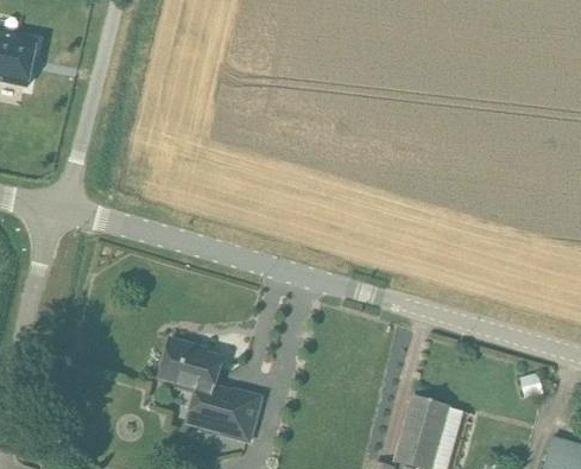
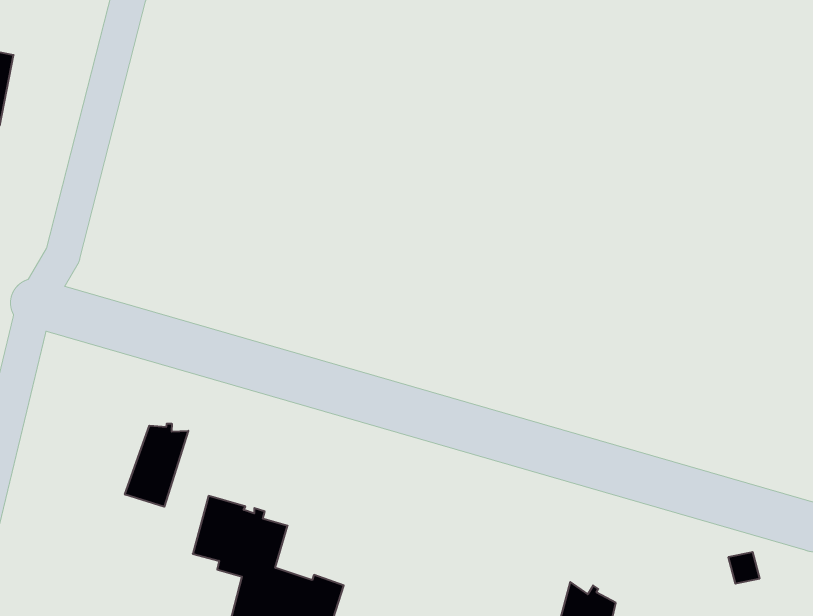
building: none -> [125,424,188,507]

